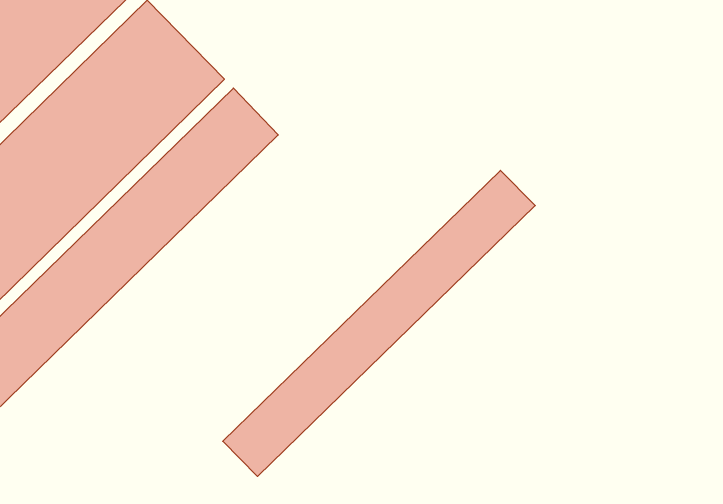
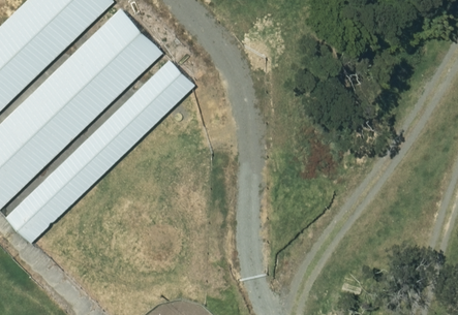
building: [223,170,535,476] -> none

